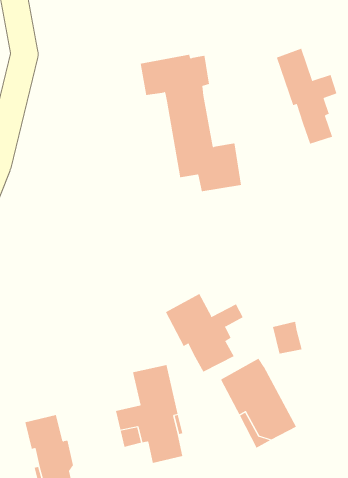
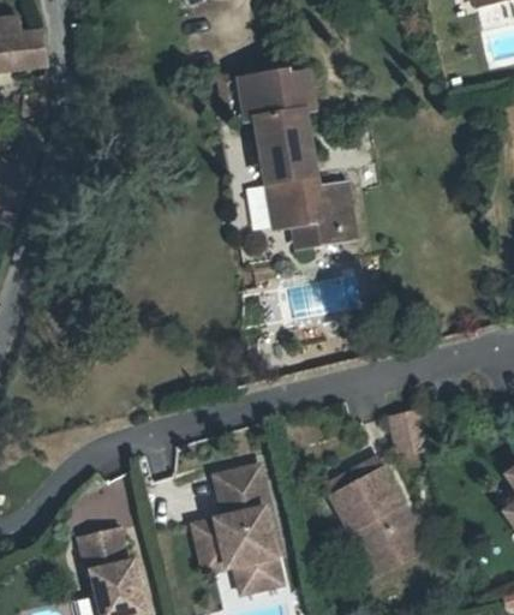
building: [276,48,337,144] -> none
building: [165,293,243,373] -> none

